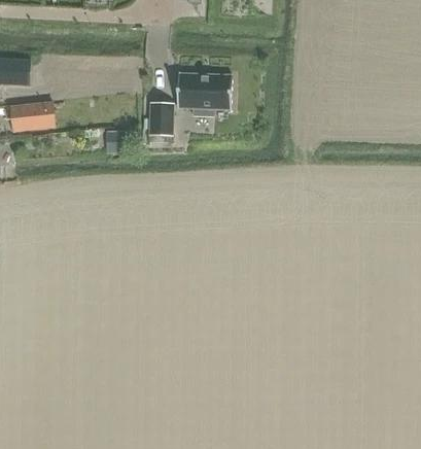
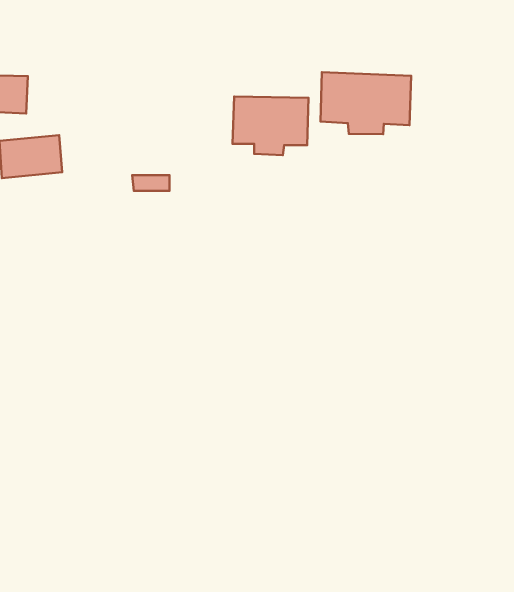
building: none -> [320,72,411,134]
building: [148,103,172,136] -> none

